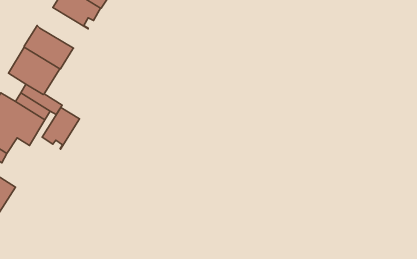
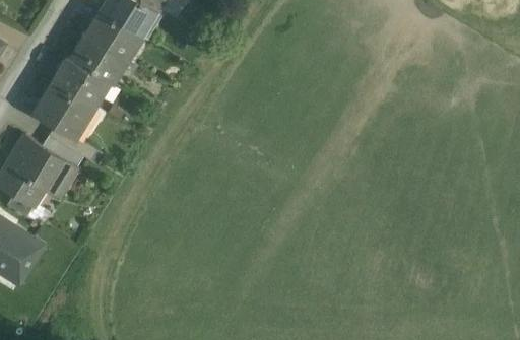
building: none -> [71,33,128,83]
building: [42,107,80,149] -> none

